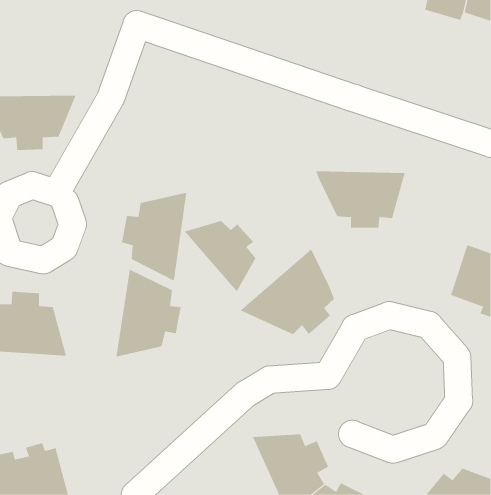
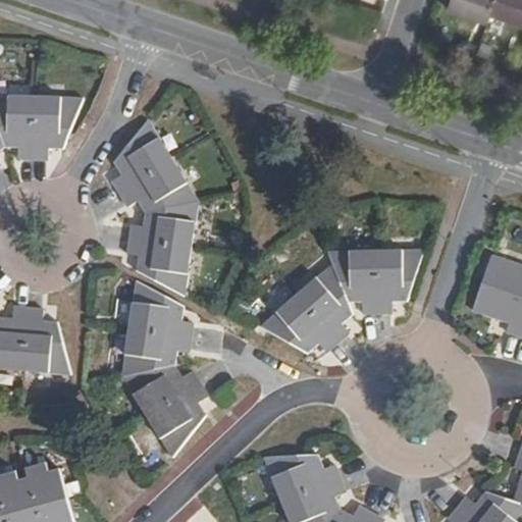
building: none -> [112,121,197,213]
building: [315,171,405,228] -> [324,253,419,313]
building: [184,220,256,292] -> none
building: none -> [121,364,203,457]

